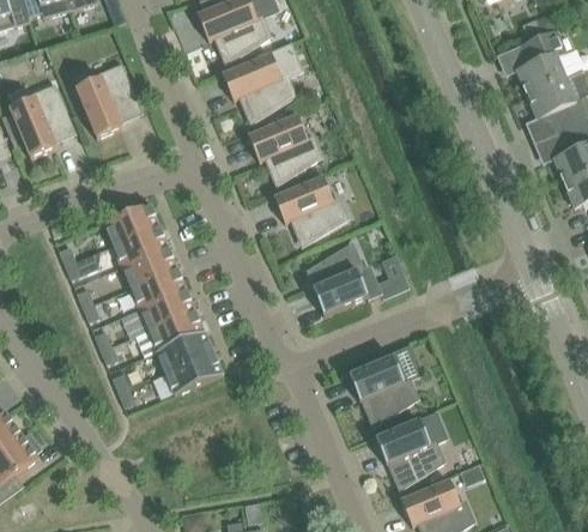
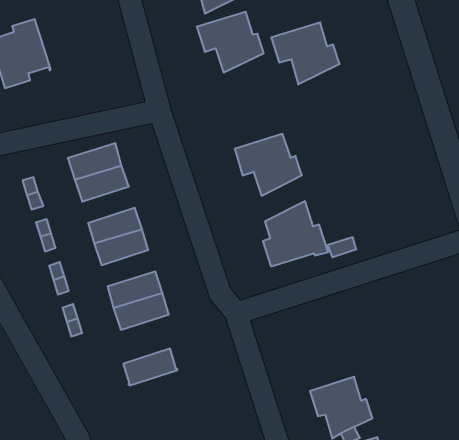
building: [75,64,141,138] -> none
building: [247,115,320,181] -> [271,22,340,84]
building: [121,246,176,288] -> none
building: [147,309,204,351] -> [123,349,177,385]
building: [347,356,416,422] -> none

